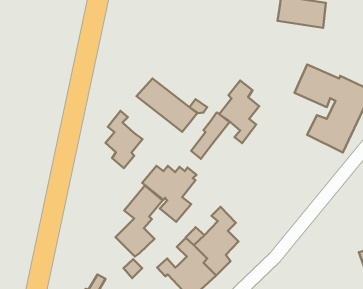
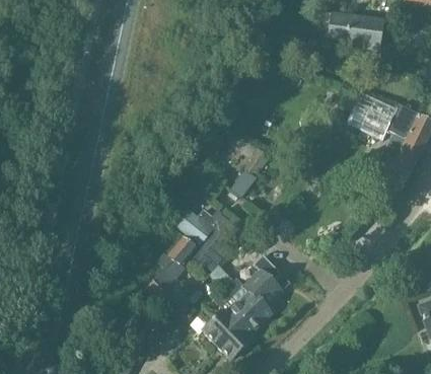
building: [137,78,197,132] -> none
building: [219,80,259,143] -> none
building: [106,111,143,168] -> none

